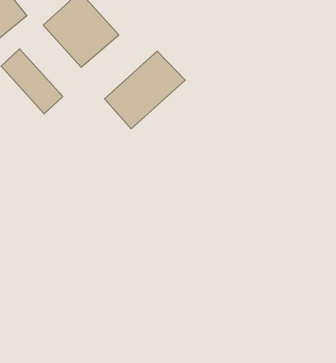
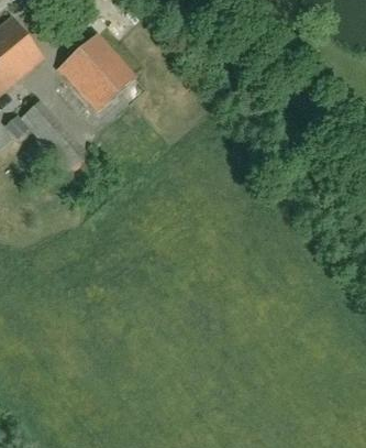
building: [105,51,185,129] -> none

